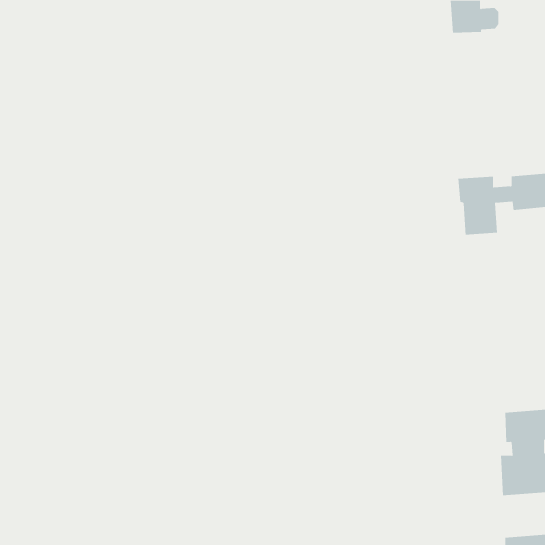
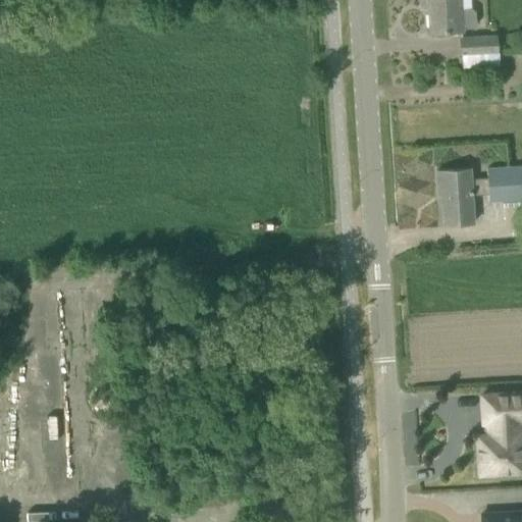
building: none -> [463,36,500,55]

